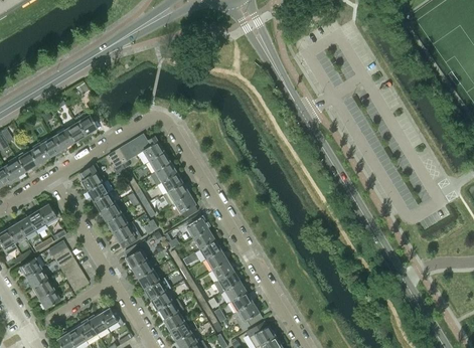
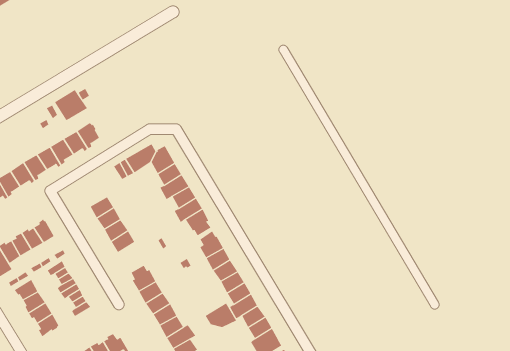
building: none -> [54,89,88,121]
building: [80,164,104,191] -> none
building: [113,222,142,249] -> none
building: none -> [205,302,237,328]

